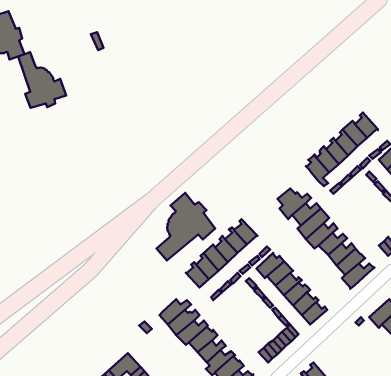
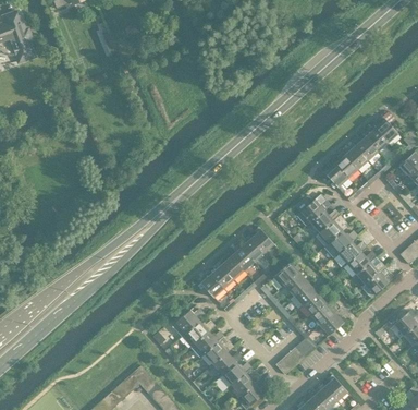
building: [18,52,66,108] -> none
building: [157,193,215,261] -> none

